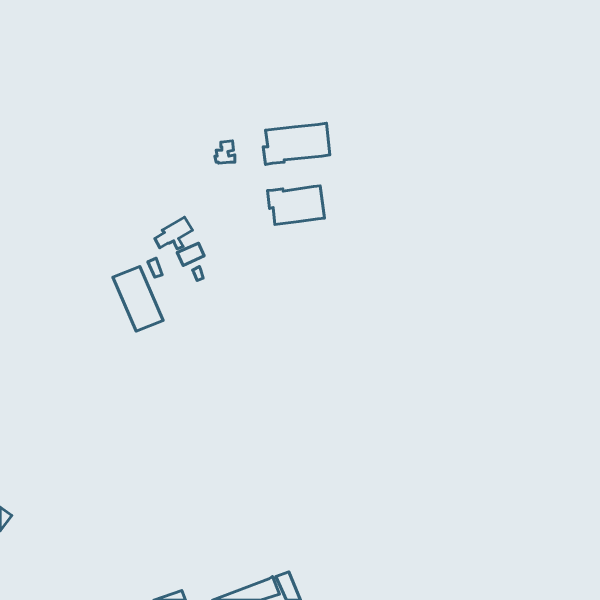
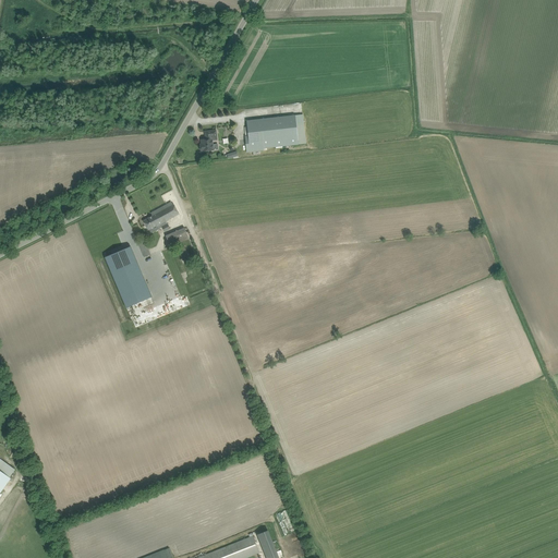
building: [267,186,324,224] -> none

